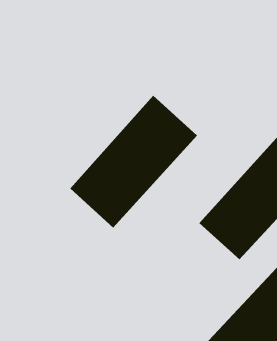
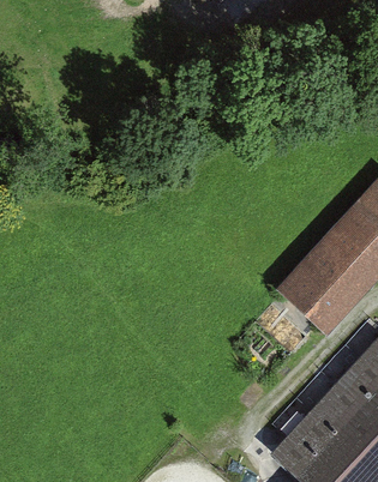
building: [70,95,198,228] -> none

